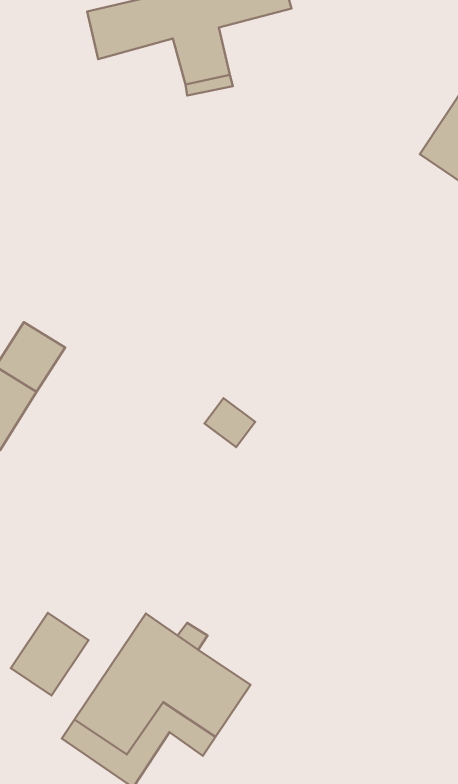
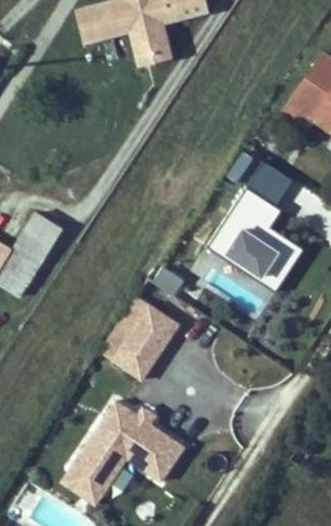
building: none -> [209,157,304,285]
building: none -> [113,301,180,377]
building: [11,613,88,695] -> none

